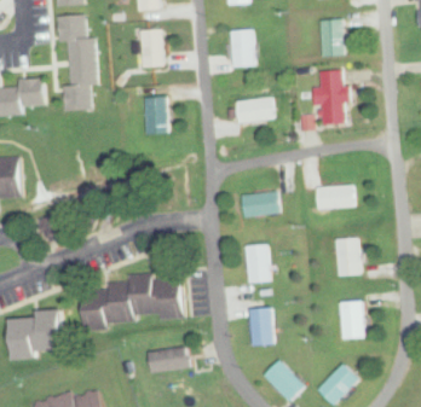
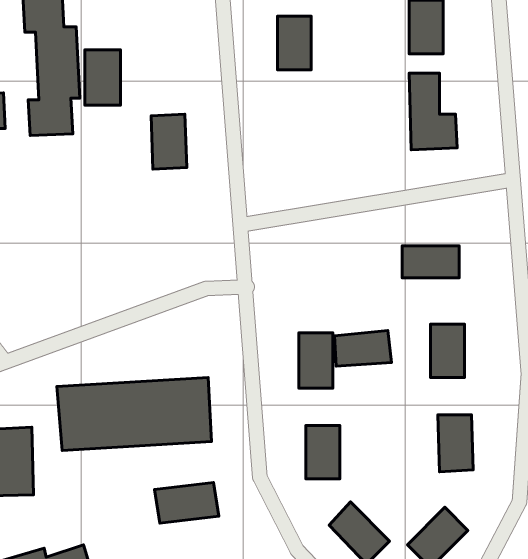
building: [140,28,165,65] -> [85,50,121,105]
building: [235,97,275,122] -> none
building: [242,191,281,215] -> [334,331,391,366]

